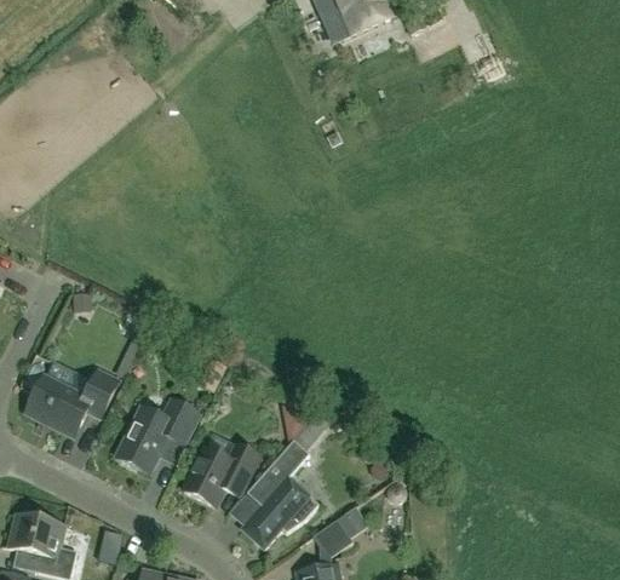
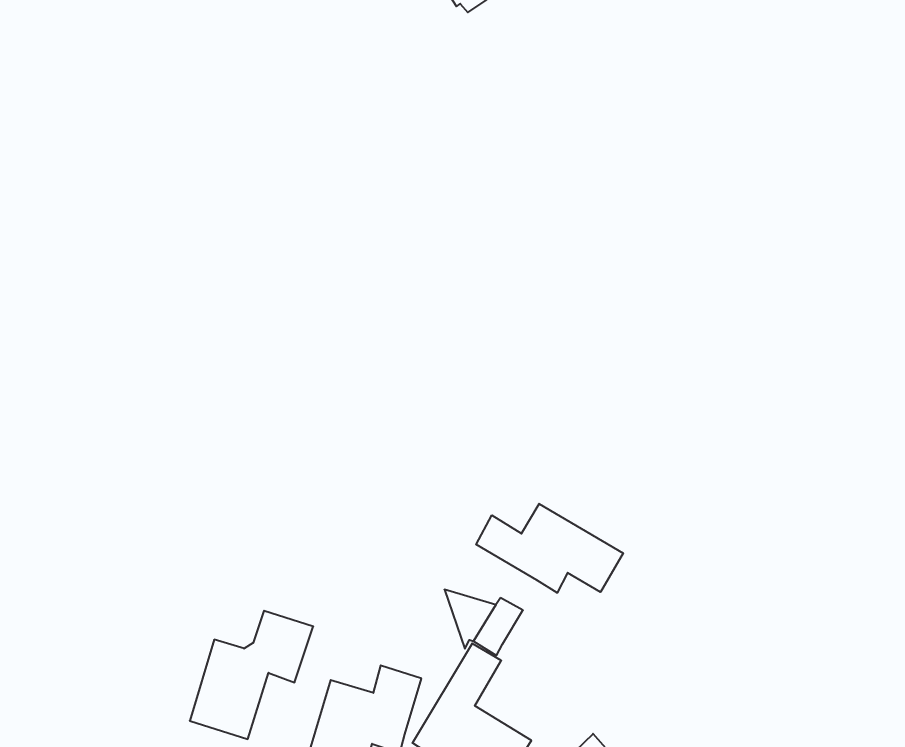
building: none -> [476,504,623,593]
building: [28,369,117,435] -> none

